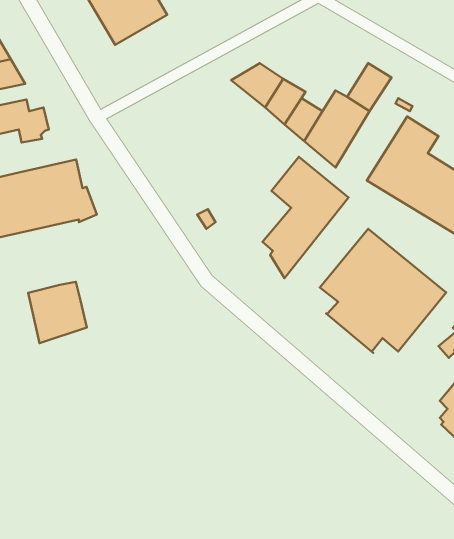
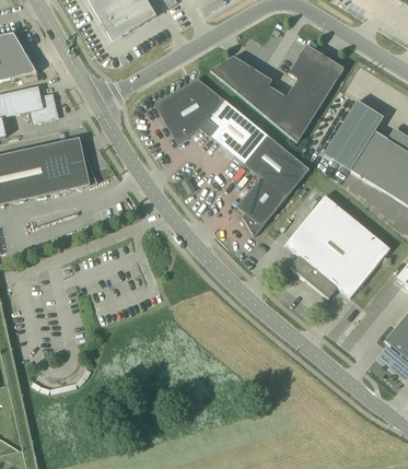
building: none -> [289,44,325,83]
building: none -> [154,77,267,162]
building: [28,282,87,343] -> none

